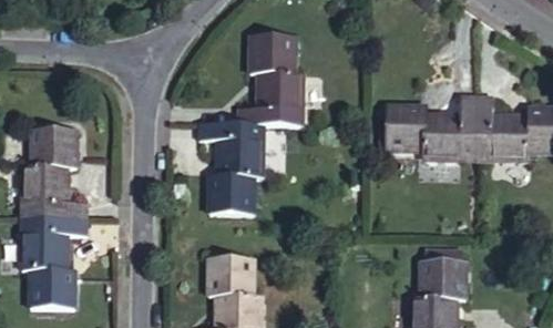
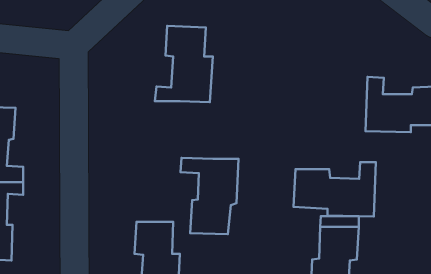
building: [385,98,479,160] -> [294,162,376,216]
building: [197,124,264,212] -> [180,158,238,234]

